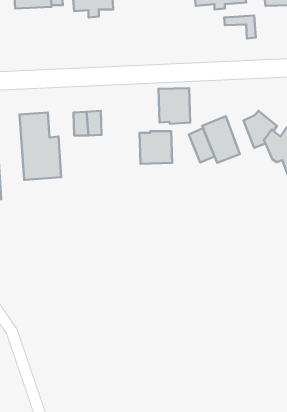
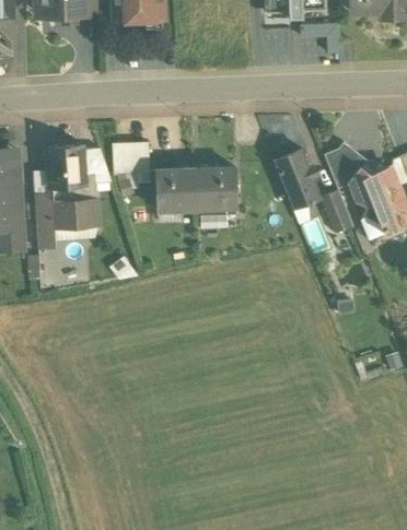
building: [159,88,190,124] -> none
building: [189,128,214,163] -> [322,190,353,233]
building: none -> [156,168,198,209]
building: none -> [36,192,56,237]

